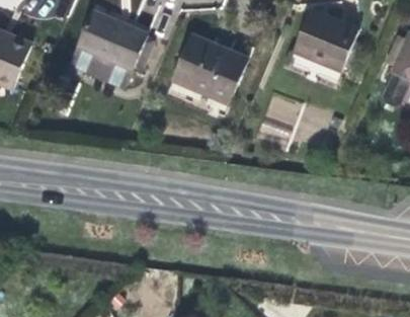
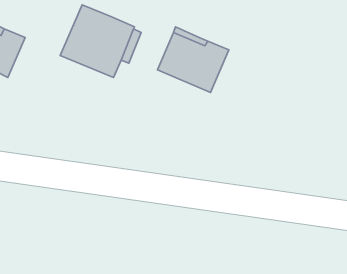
building: [294,10,359,70] -> none

